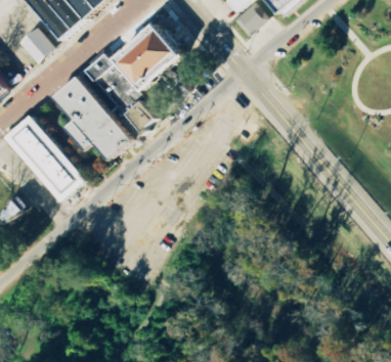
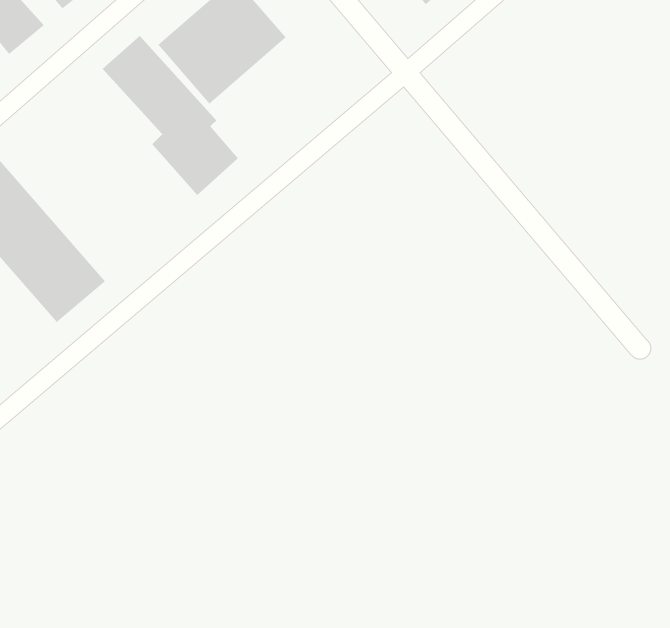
building: [50,74,130,157] -> none

